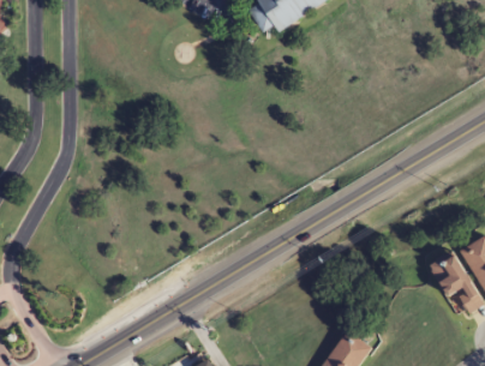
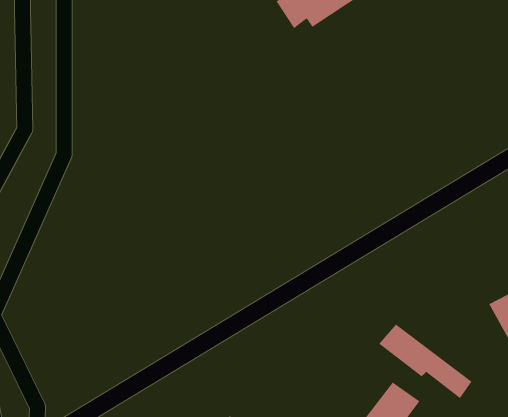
building: none -> [378,323,472,399]

